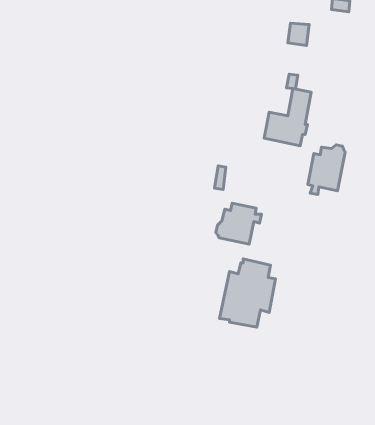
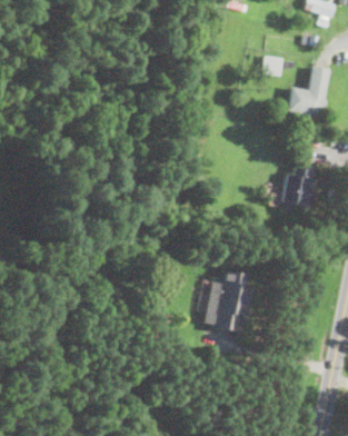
building: [264,89,311,146] -> [288,66,330,117]
building: [216,203,261,244] -> none

